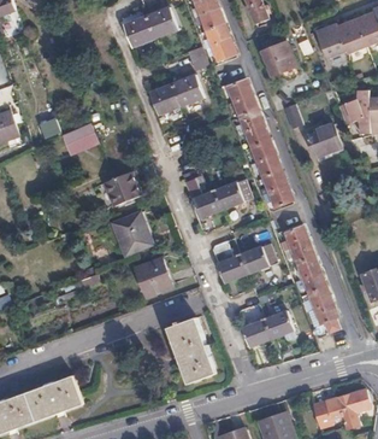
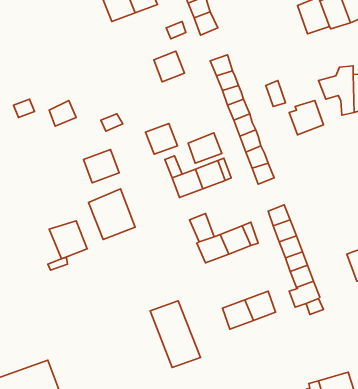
building: [261,41,296,75] -> none
building: [150,83,182,113] -> [145,124,177,154]
building: none -> [188,133,222,163]
building: [136,259,173,297] -> [49,221,87,259]

